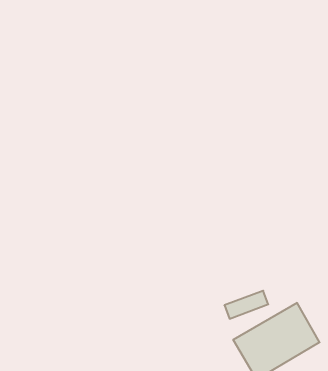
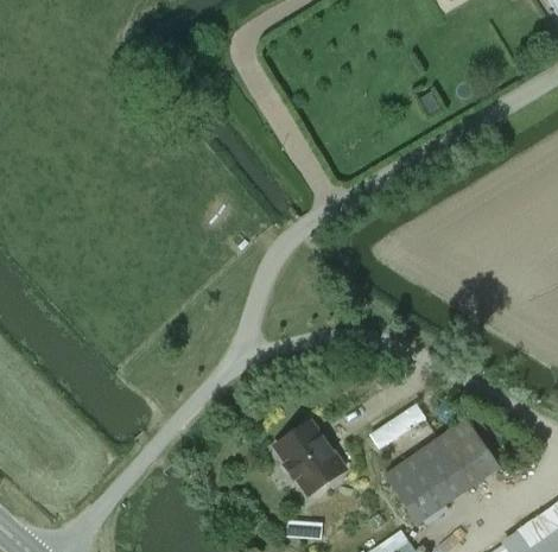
building: none -> [275,423,344,494]

